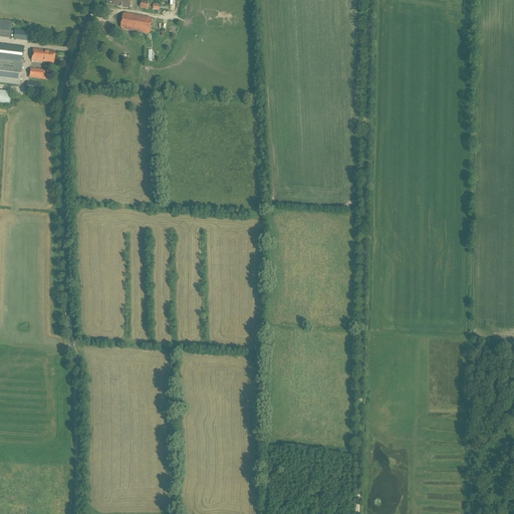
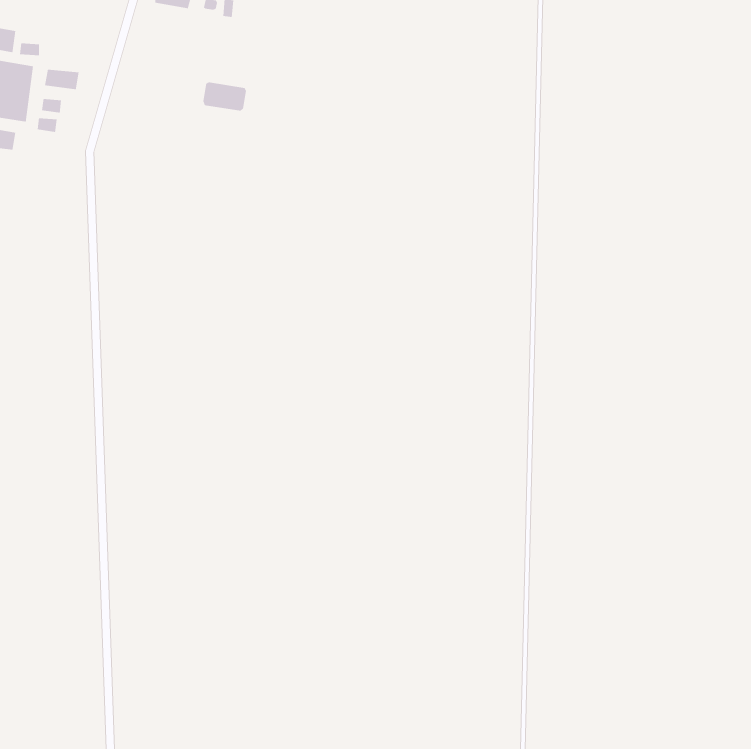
building: [120,12,151,32] -> [203,82,247,111]

